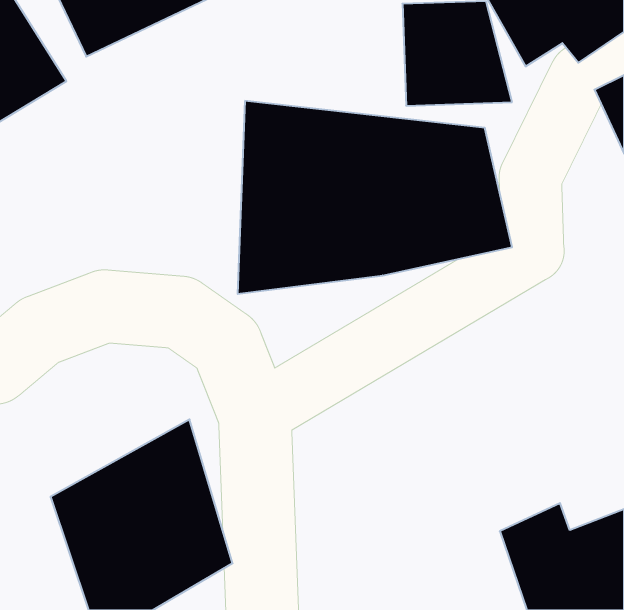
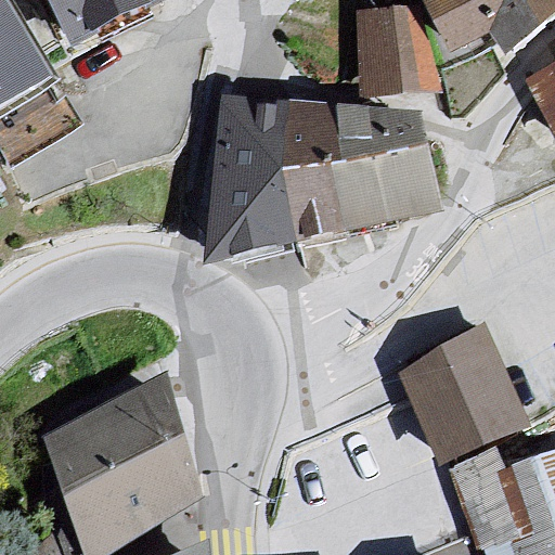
building: none -> [393,327,528,468]

